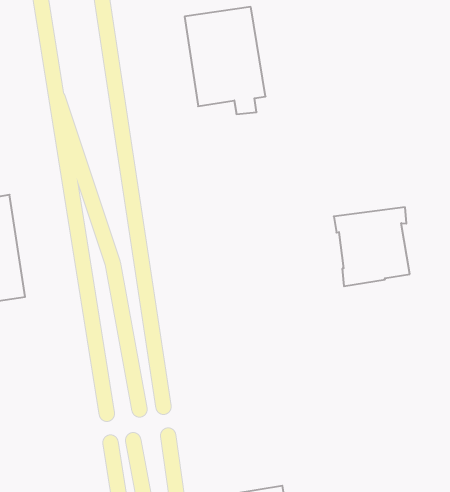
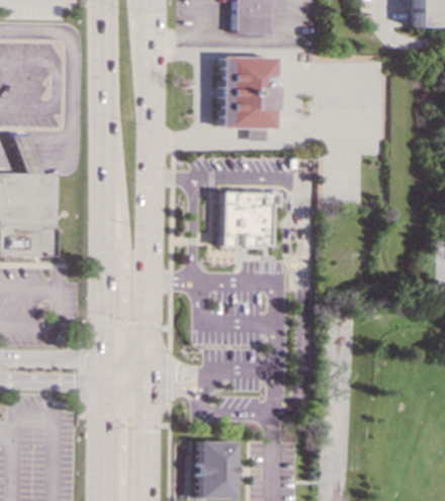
building: [334,207,410,286] -> [218,190,277,247]

